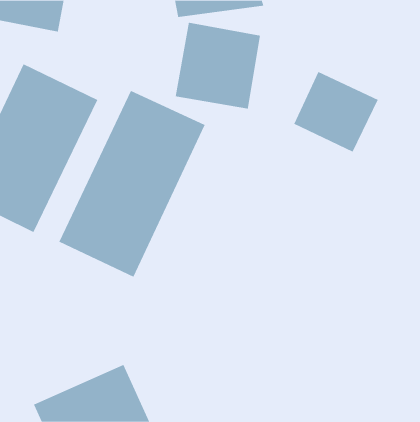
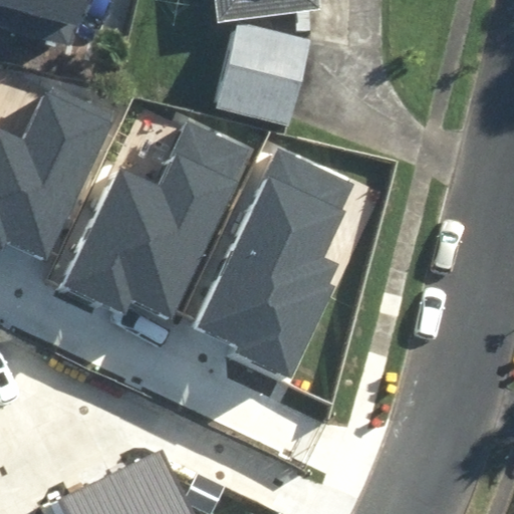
building: [294,71,378,153] -> none
building: none -> [192,149,370,376]

